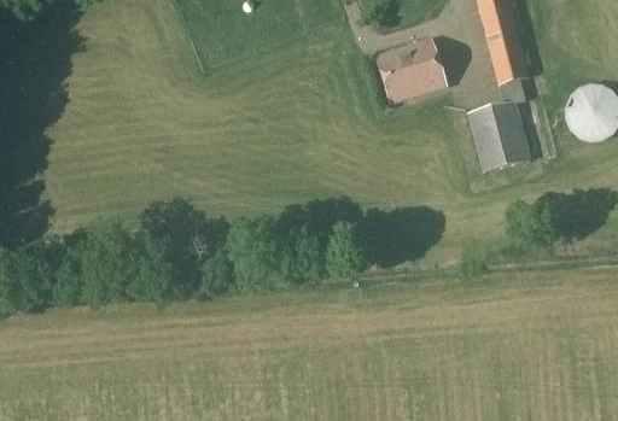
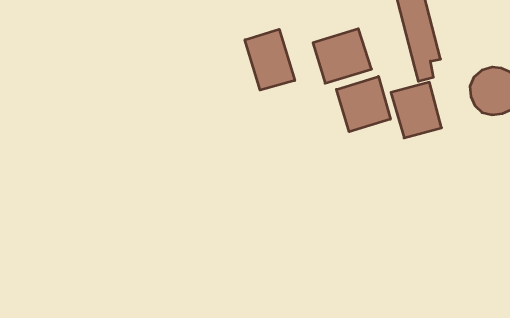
building: none -> [245,29,295,90]
building: none -> [336,76,390,132]

